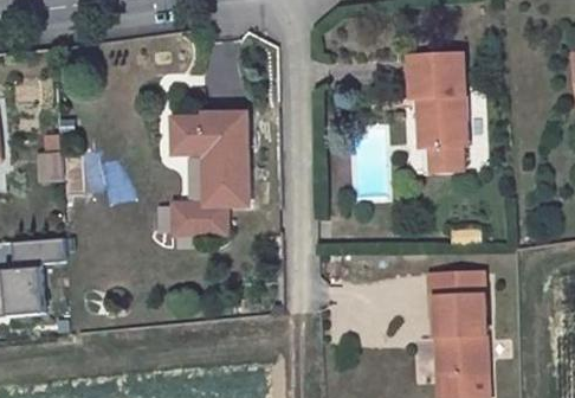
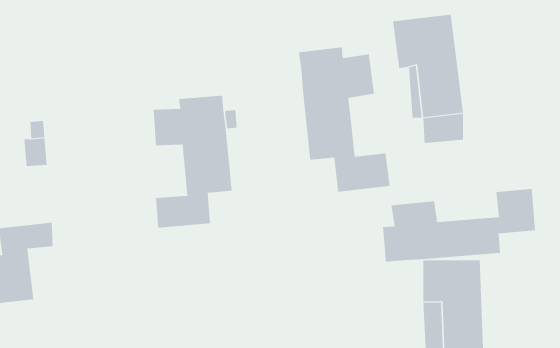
building: none -> [299,47,390,192]
building: none -> [382,188,535,262]

